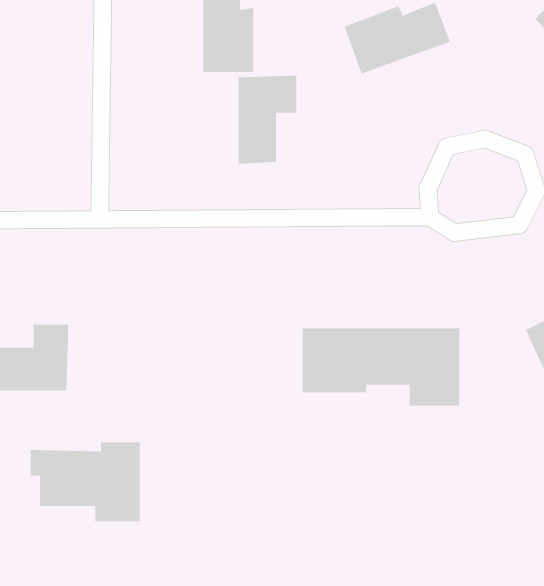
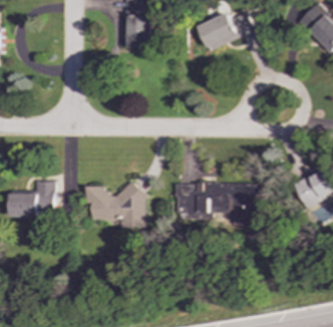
building: [238,75,297,164] -> none
building: [30,442,140,522] -> [84,185,142,227]

